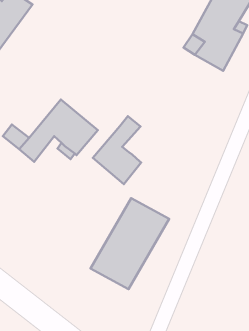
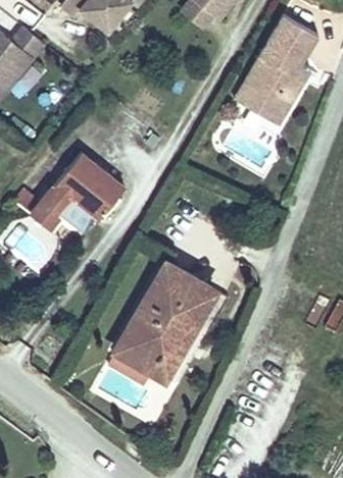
building: [93,116,141,184] -> none

